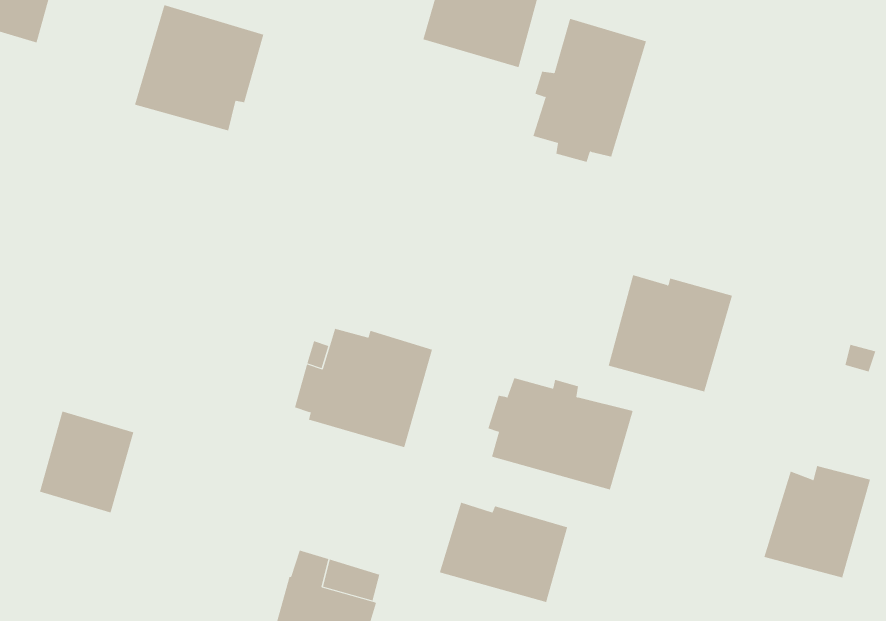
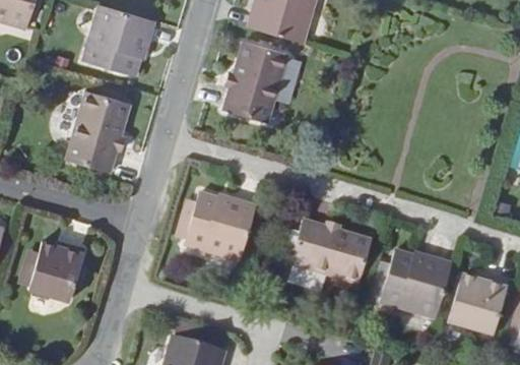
building: [533,18,647,163] -> [223,42,289,125]
building: none -> [65,93,132,176]
building: [608,274,733,392] -> [379,252,451,320]
building: [439,502,568,603] -> none

